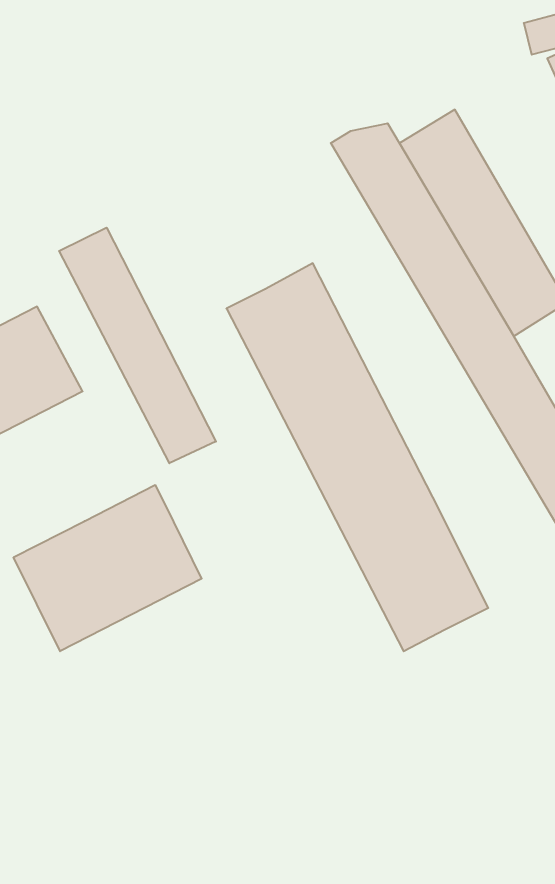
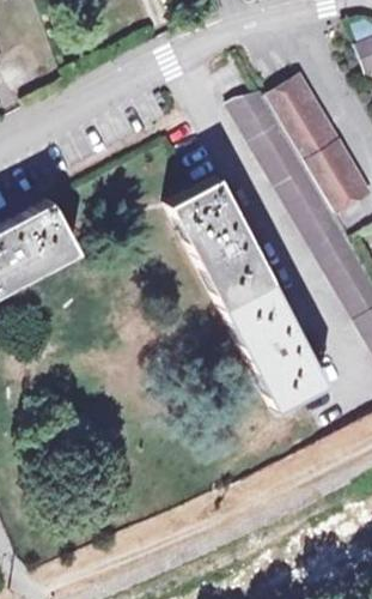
building: [59,228,216,463] -> none
building: [14,485,202,651] -> none

